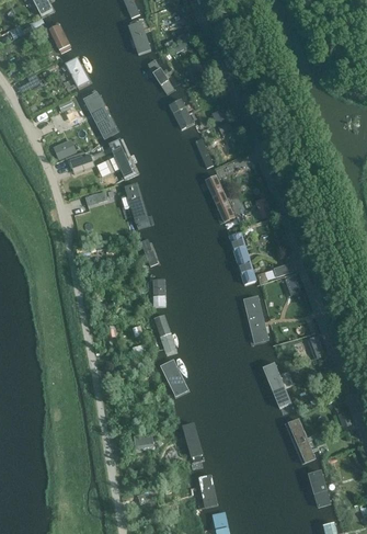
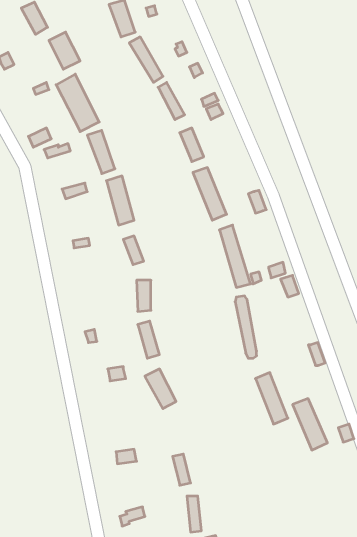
building: [285,419,317,466] -> [293,399,327,450]
building: [308,470,333,509] -> none

